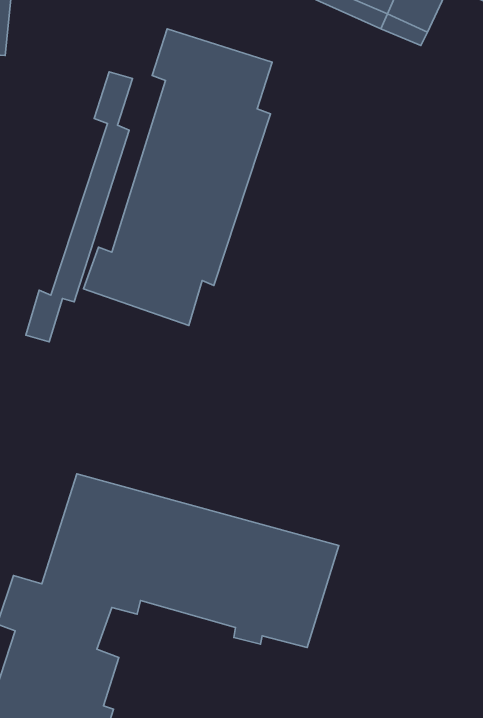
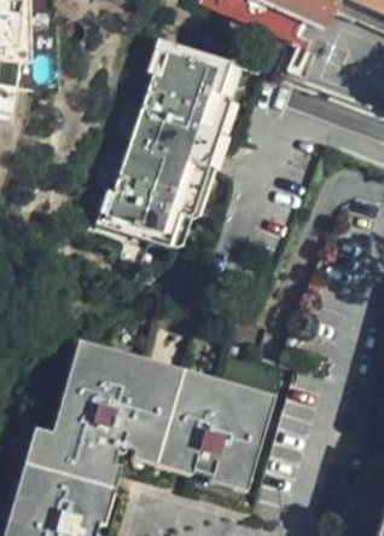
building: [26,72,133,342] -> [158,54,235,250]

